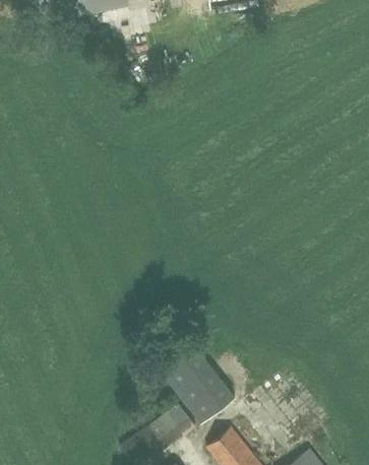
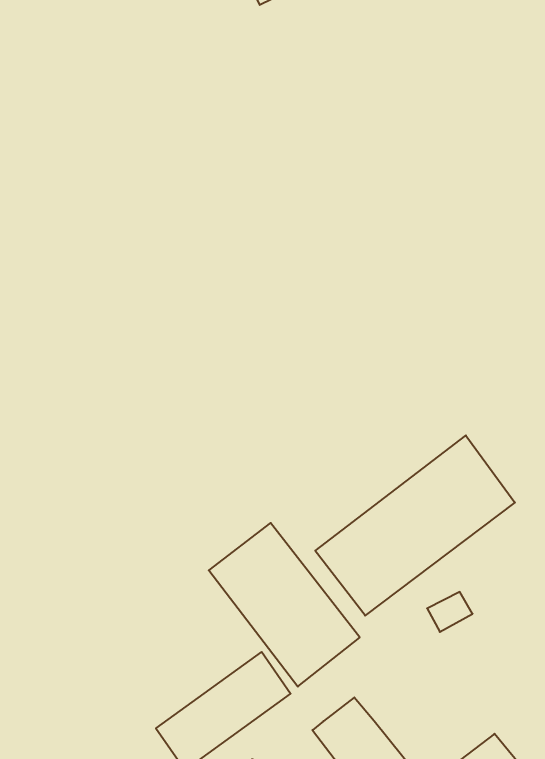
building: none -> [315,435,515,616]

